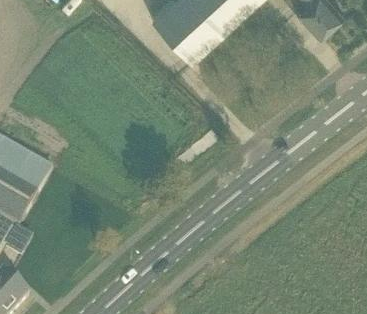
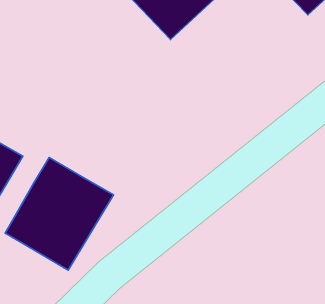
building: none -> [5,158,113,270]

